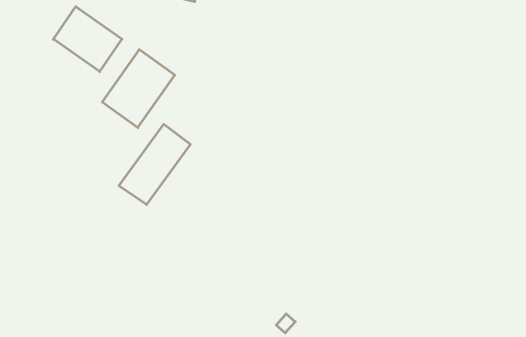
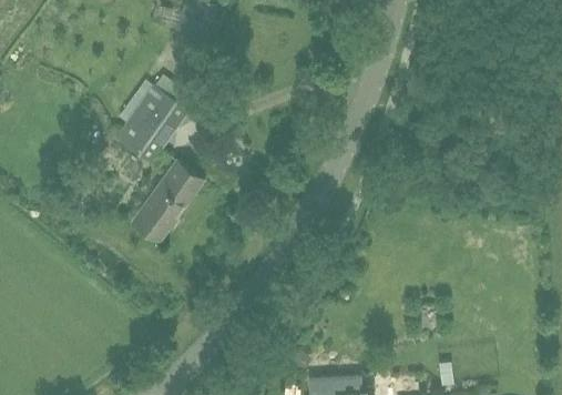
building: [53,7,122,72] -> none

